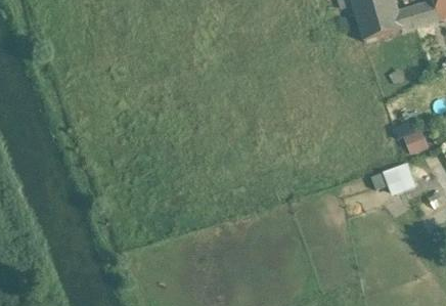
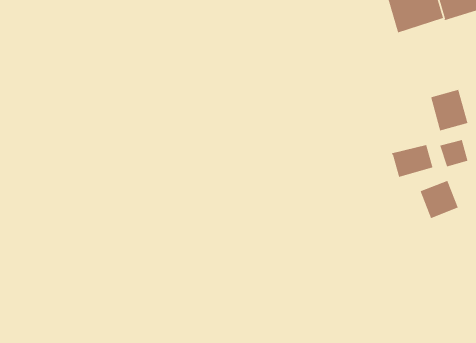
building: none -> [430,89,468,132]
building: none -> [391,144,434,178]

